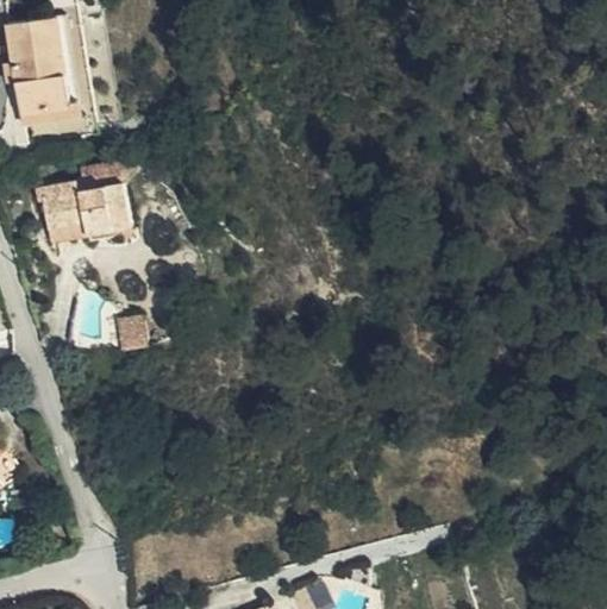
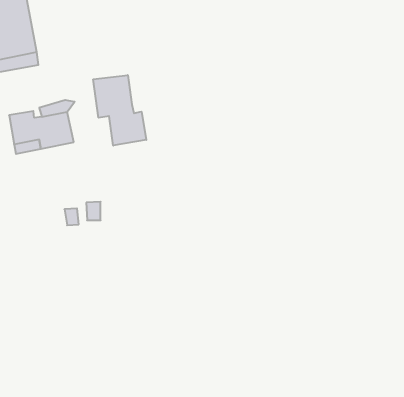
building: none -> [93,75,146,146]

